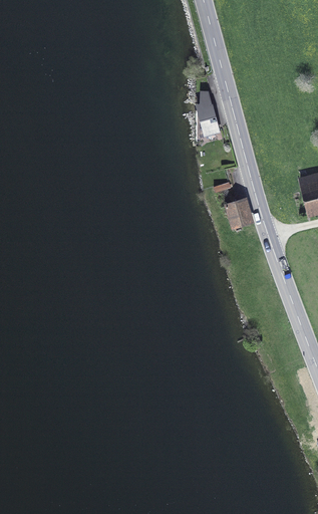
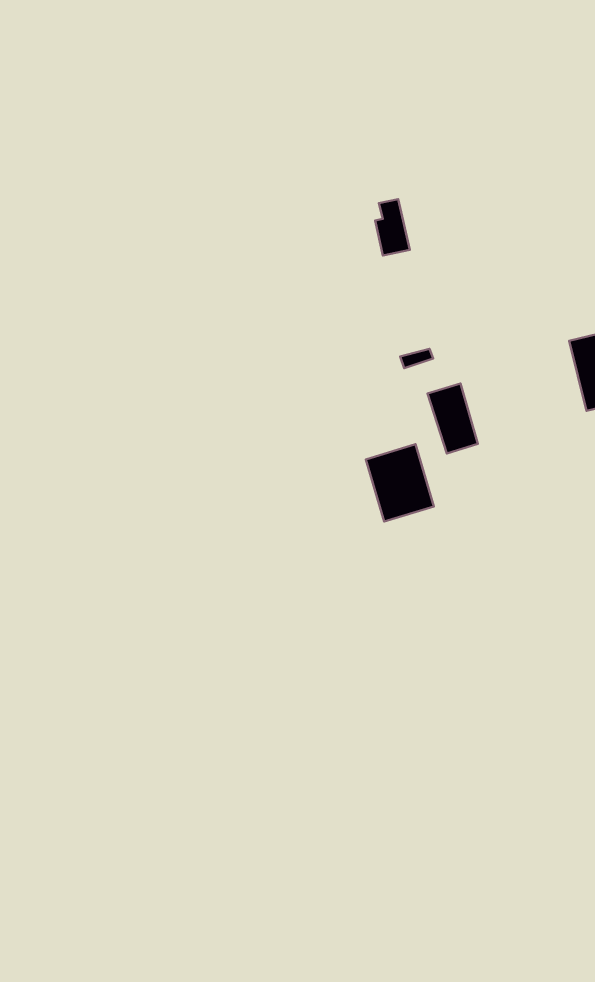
building: none -> [366,444,434,522]

